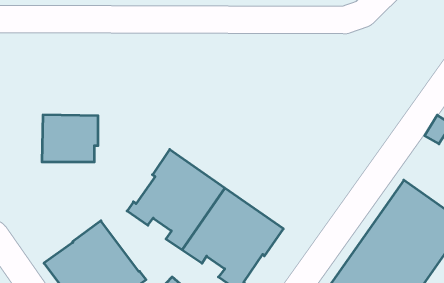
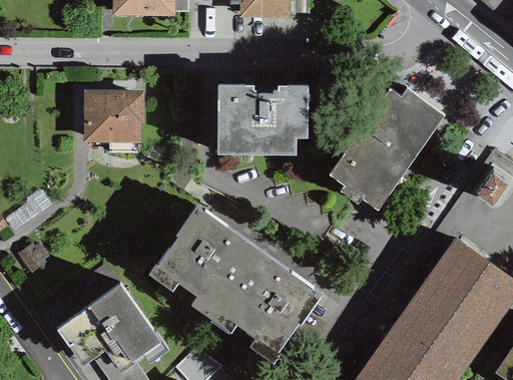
building: none -> [217,88,309,159]
building: none -> [330,91,445,214]
building: [42,115,98,162] -> [83,93,145,145]

